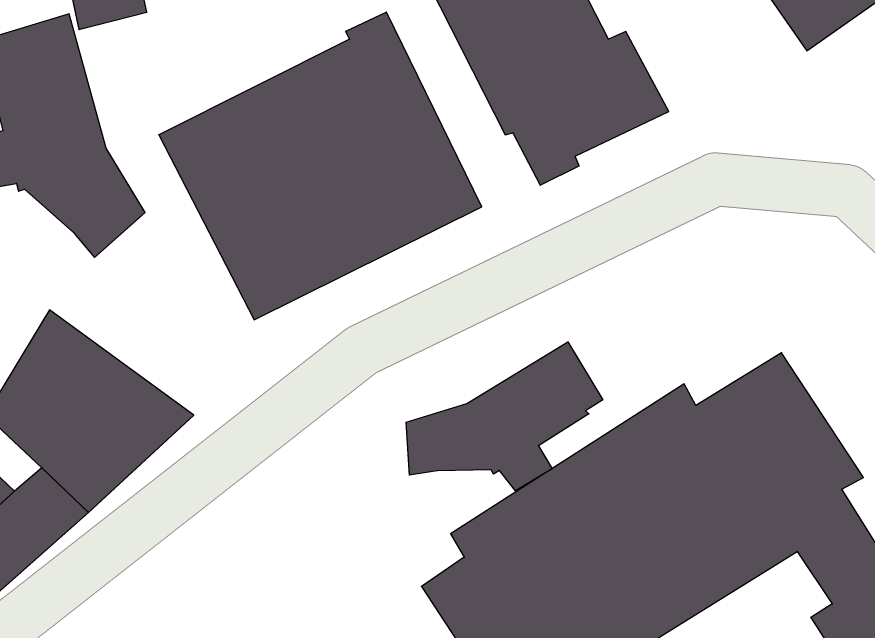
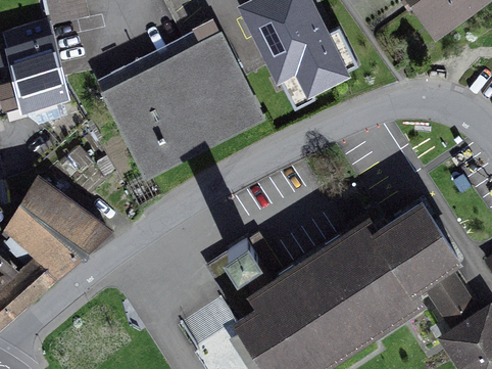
building: [406,342,603,491] -> none

